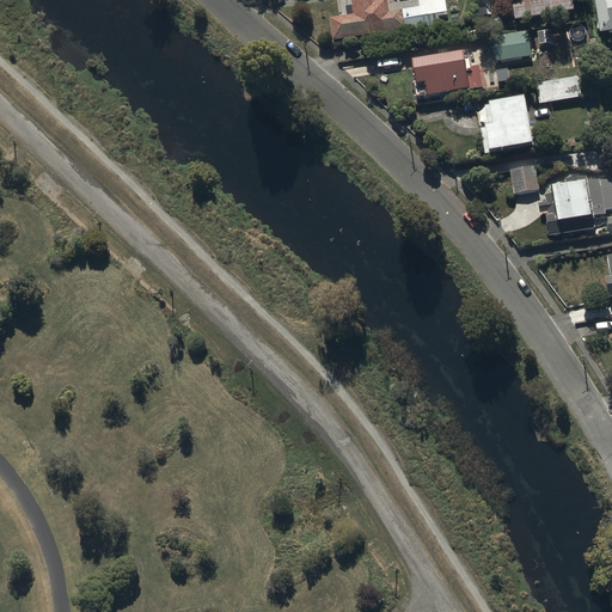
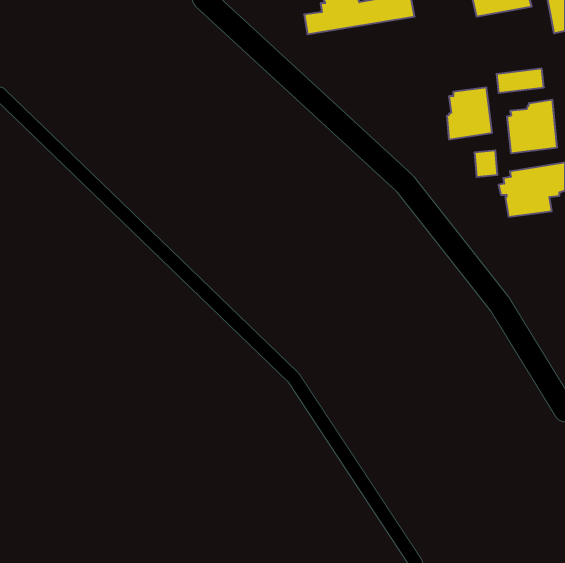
building: [491,29,531,59] -> none
building: [412,50,483,96] -> none
building: none -> [507,100,557,153]

